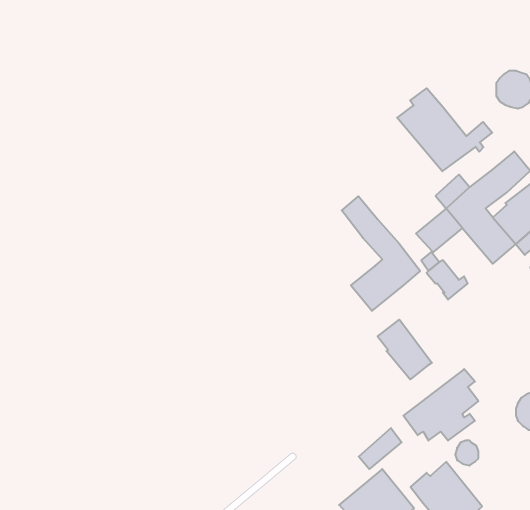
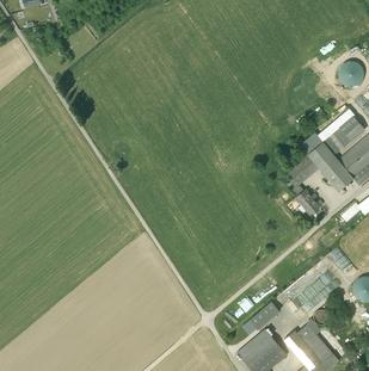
building: [397,88,492,171] -> none
building: [342,196,420,311] -> none
building: [378,320,432,379] -> none

